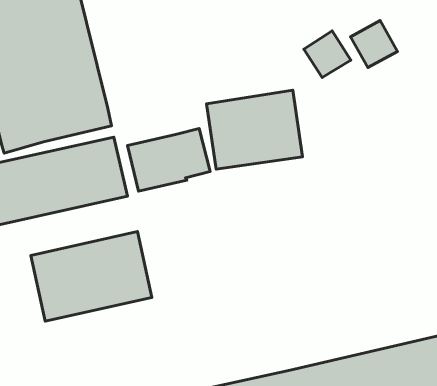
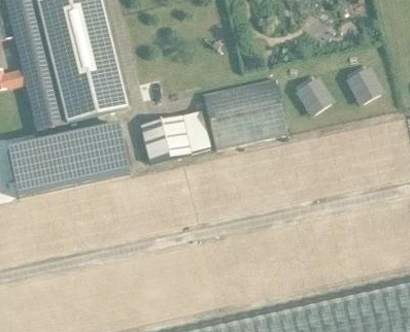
building: [351,21,397,68] -> [346,67,385,106]
building: [304,31,351,78] -> [296,77,335,117]
building: [31,232,152,321] -> none

